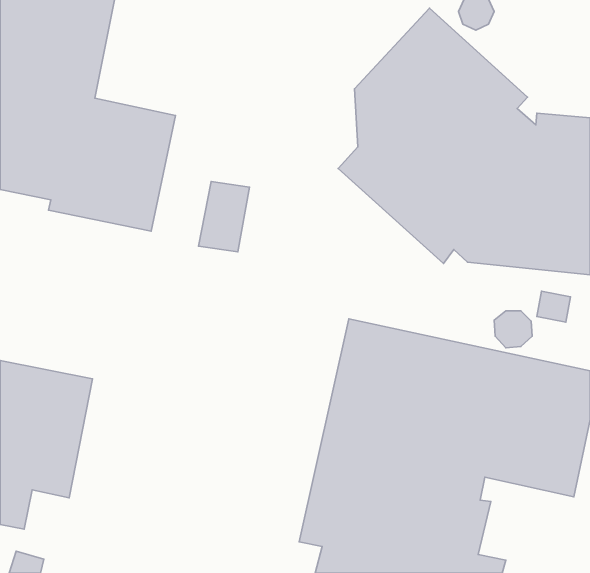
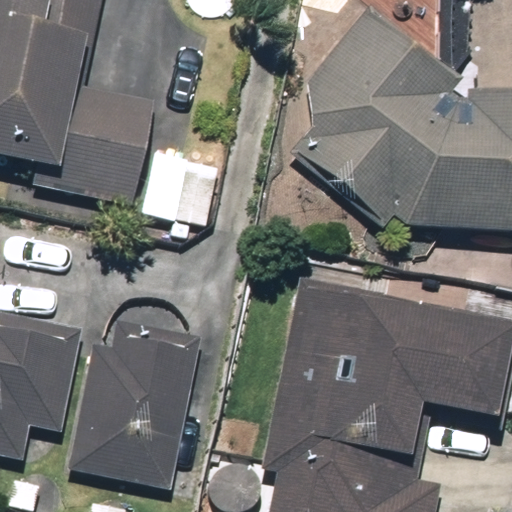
building: none -> [66,320,201,487]

